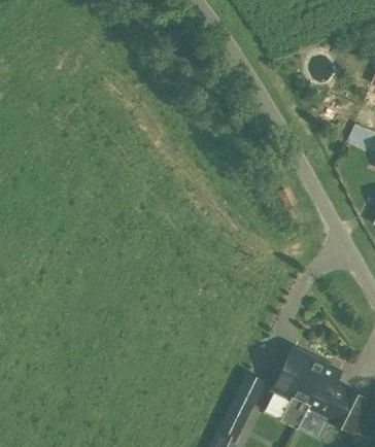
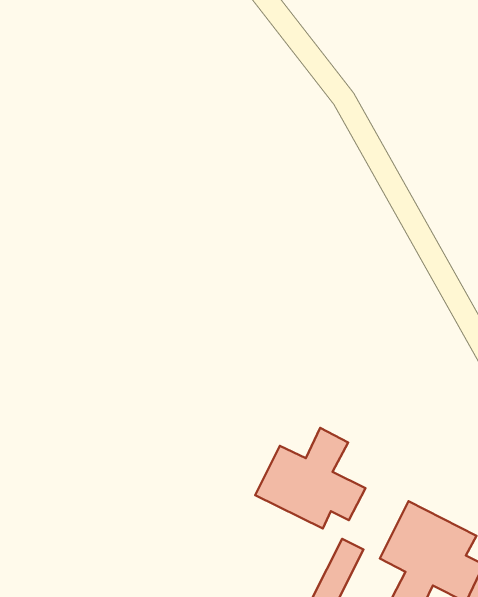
building: none -> [255,428,365,529]

